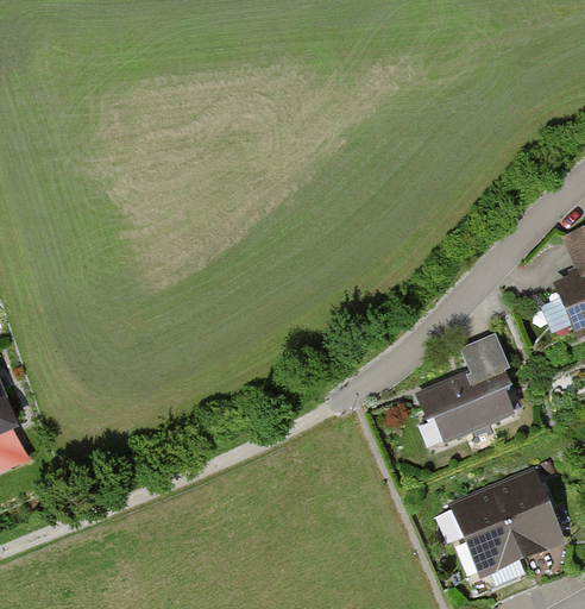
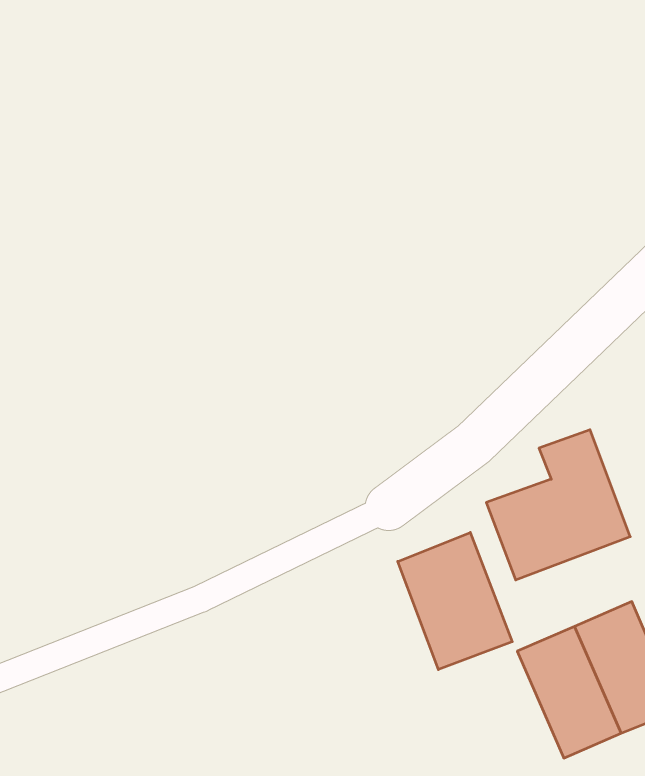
building: none -> [398,532,512,670]

